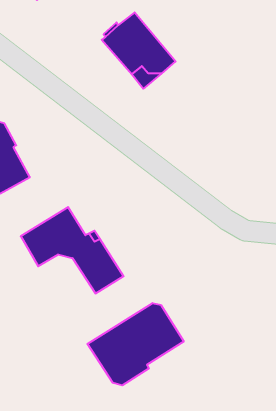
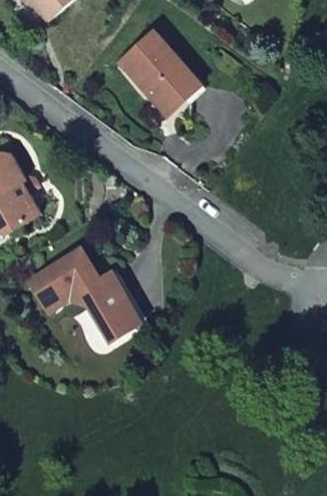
building: [87,303,184,385] -> none

